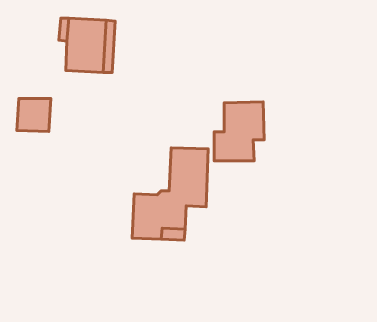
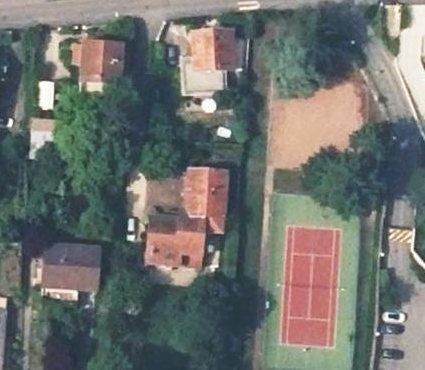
building: [214,102,264,161] -> [184,29,234,88]
building: none -> [42,244,98,288]

